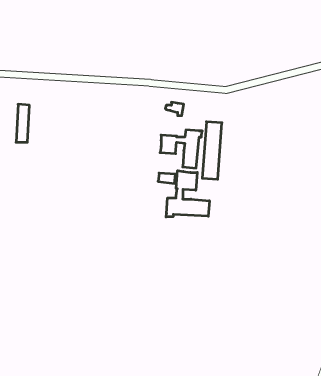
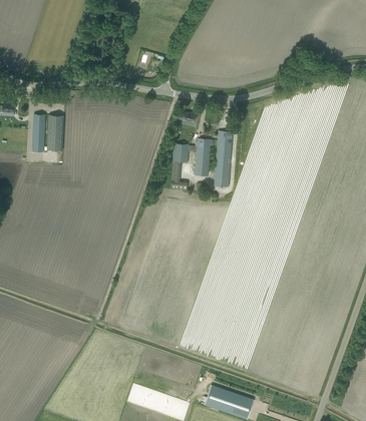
building: none -> [48,114,64,150]
building: [166,171,209,217] -> none

